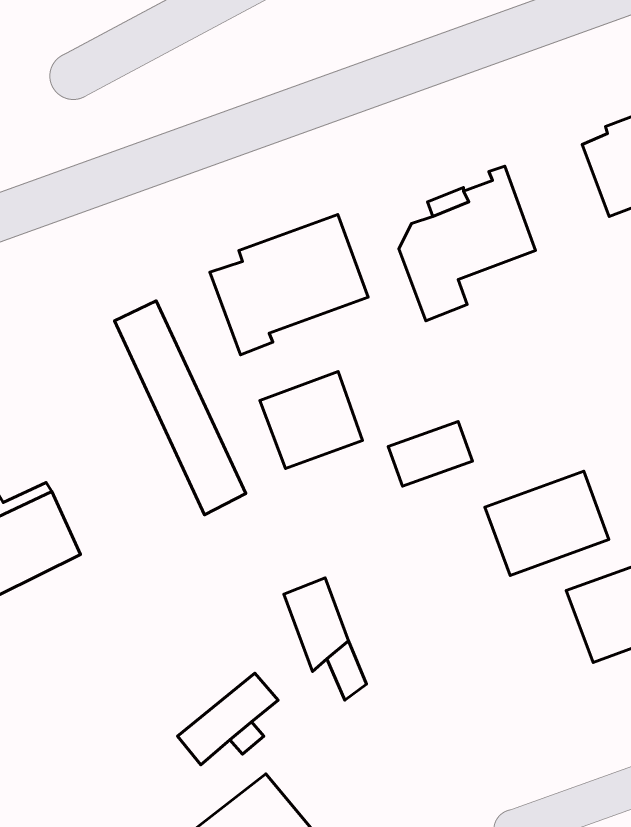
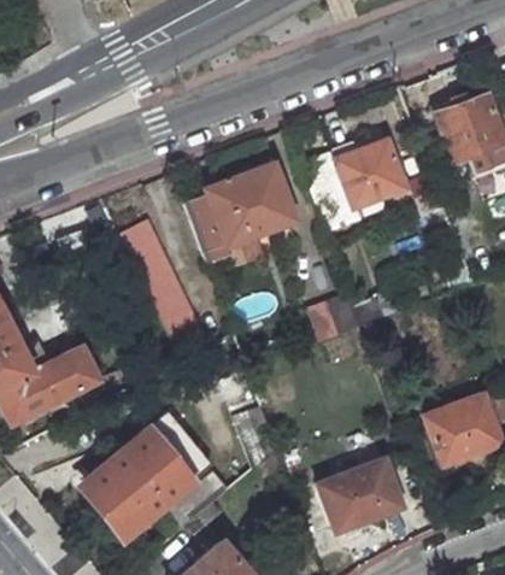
building: [260,372,363,468] -> none
building: [485,471,609,575] -> [318,458,401,528]
building: none -> [82,410,211,533]

